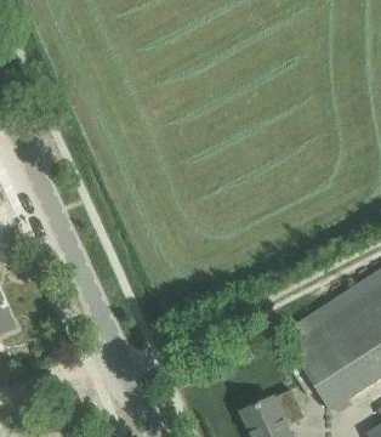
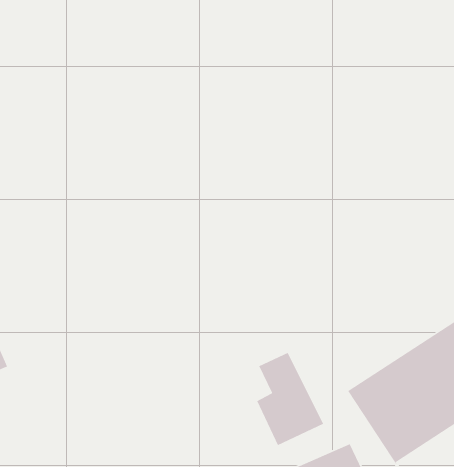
building: none -> [256,352,324,446]

